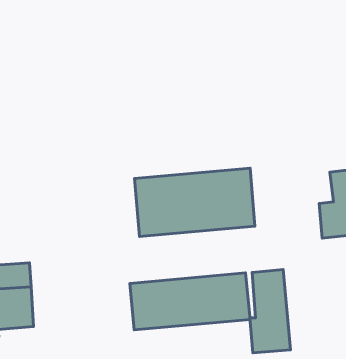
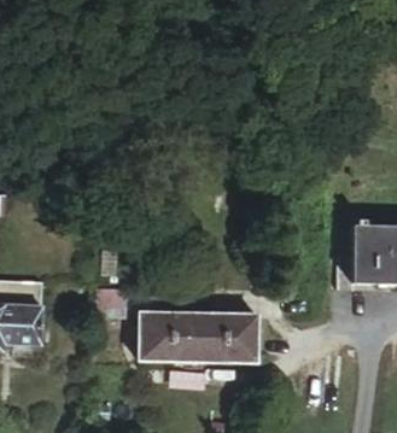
building: [134,168,255,237] -> none
building: [250,270,290,353] -> none

